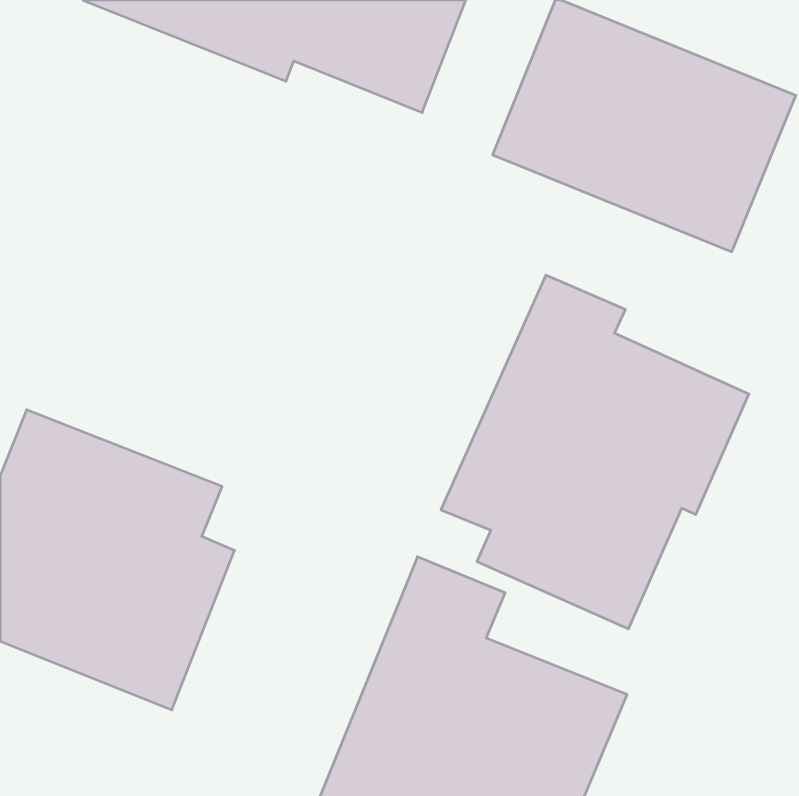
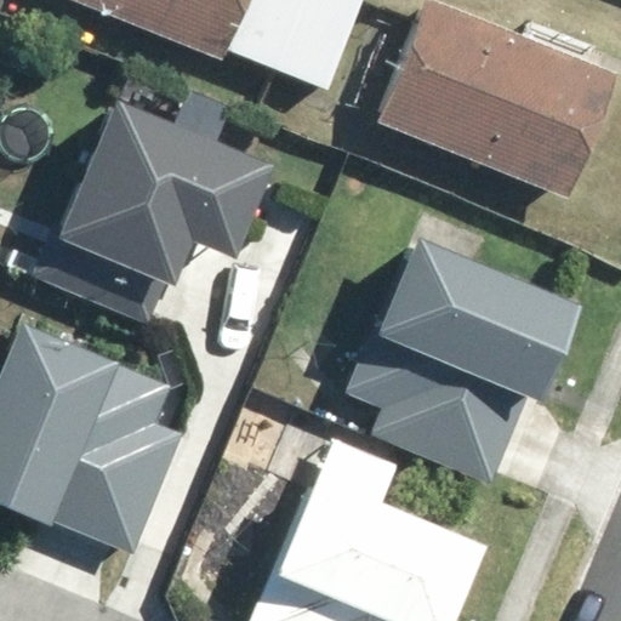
building: none -> [57,93,278,285]

